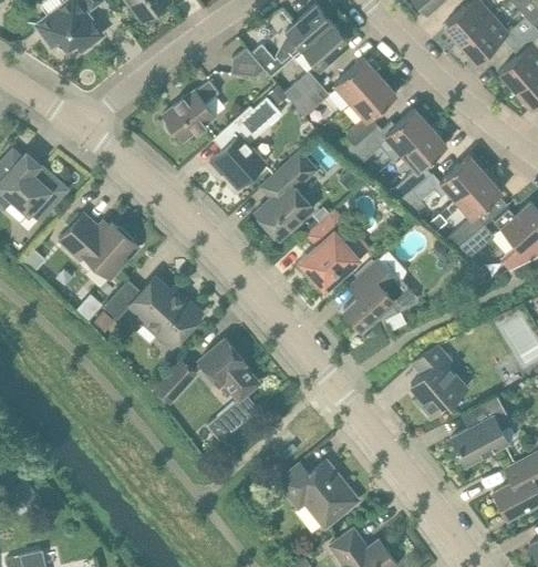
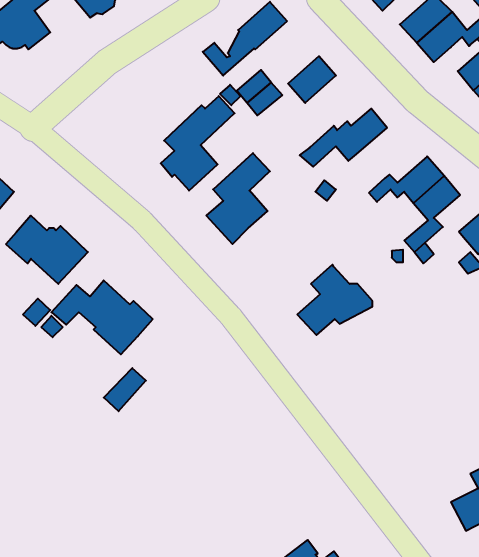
building: [301,23,349,69] -> none
building: [230,48,265,78] -> none
building: [346,76,396,146] -> none
building: [162,80,218,142] -> none
building: [387,127,446,202] -> none
building: [298,210,359,289] -> none
building: [197,339,258,441] -> none
building: [410,346,463,417] -> none
building: [451,396,509,464] -> none
building: [277,463,355,529] -> none

